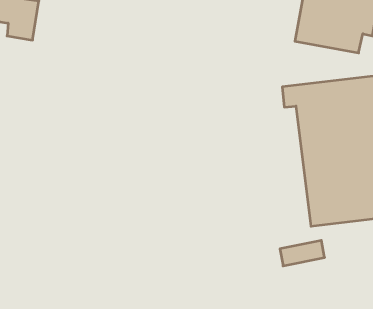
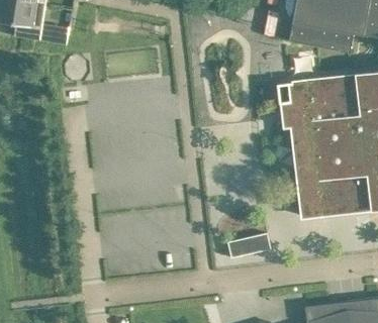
building: [280,240,325,266] -> [227,233,270,257]

